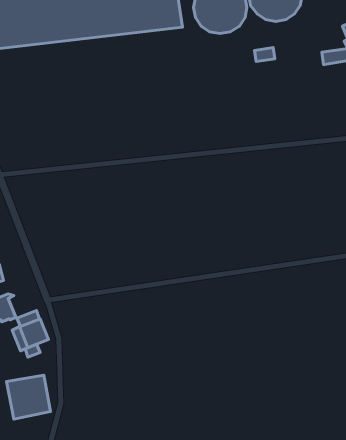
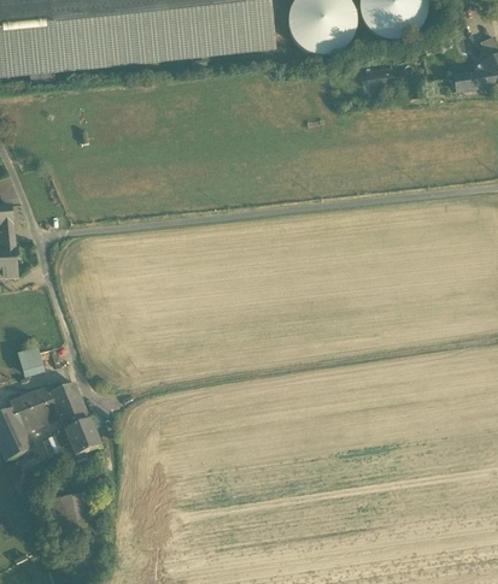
building: none -> [49,382,86,418]

